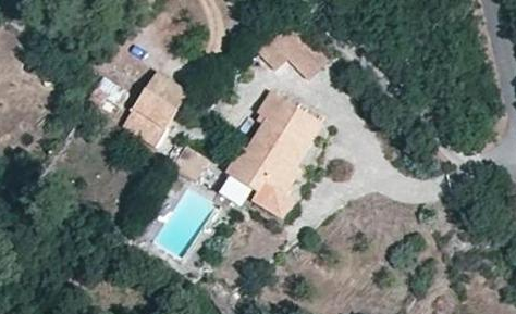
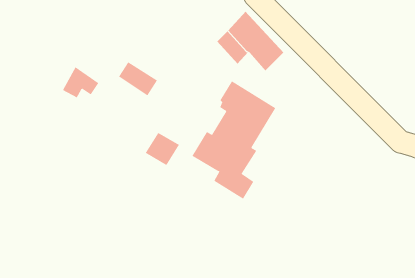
building: [120,86,179,149] -> none

